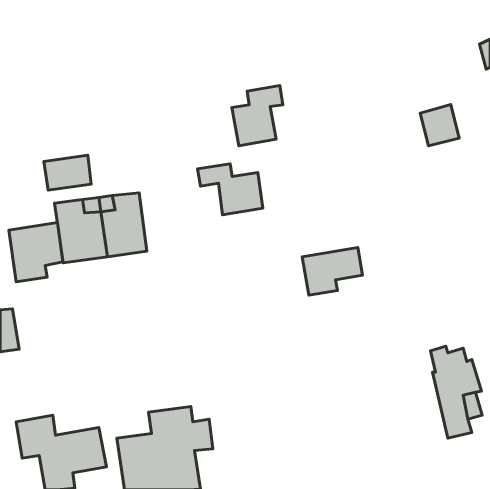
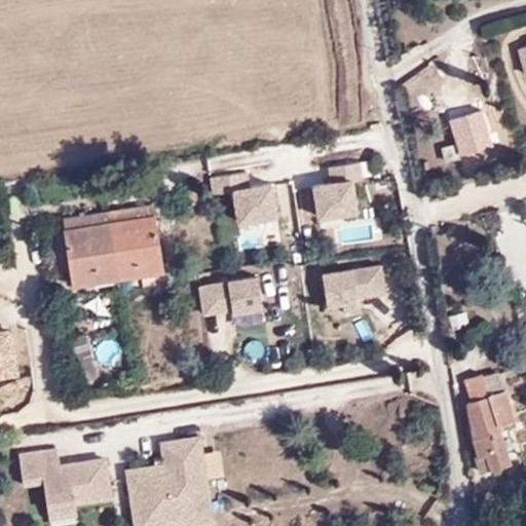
building: [232,85,283,146] -> [313,163,368,228]
building: [44,155,91,190] -> none
building: [9,222,63,282] -> none
building: none -> [197,276,266,322]

